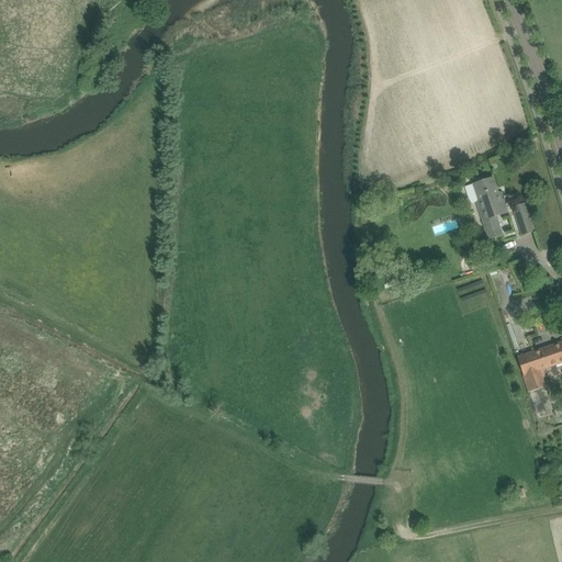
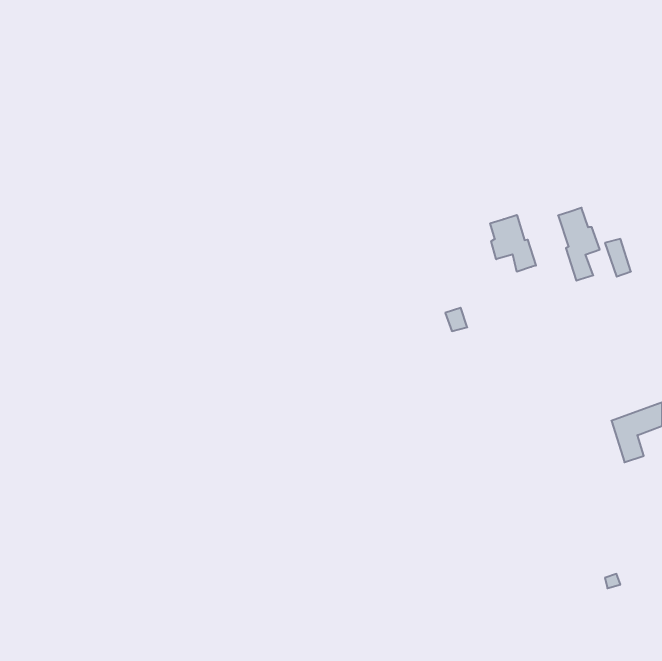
building: none -> [490,215,536,272]

